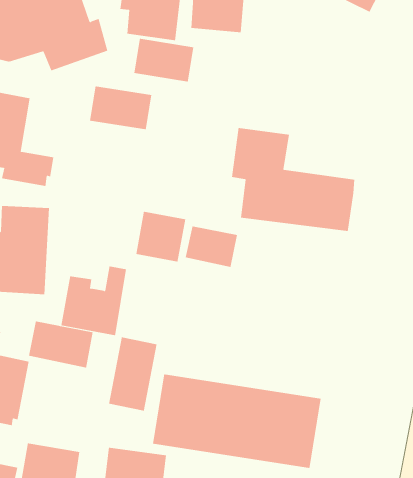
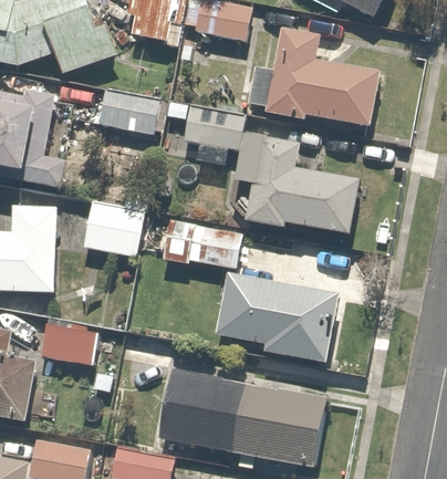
building: none -> [269,30,381,123]
building: [133,38,194,82] -> [184,105,243,148]
building: [60,266,127,336] -> [82,188,147,257]
building: none -> [215,271,342,364]
building: [109,337,157,412] -> none

